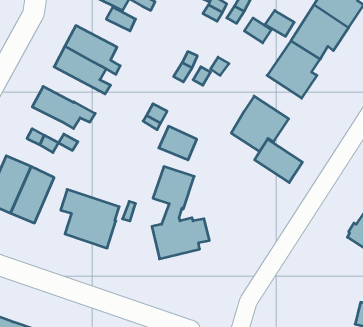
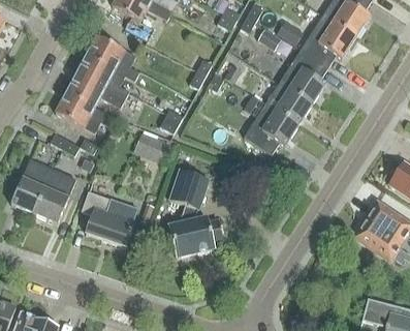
building: none -> [65,74,124,109]
building: [159,126,197,160] -> [133,131,169,163]
building: [255,139,302,183] -> [265,83,311,124]

